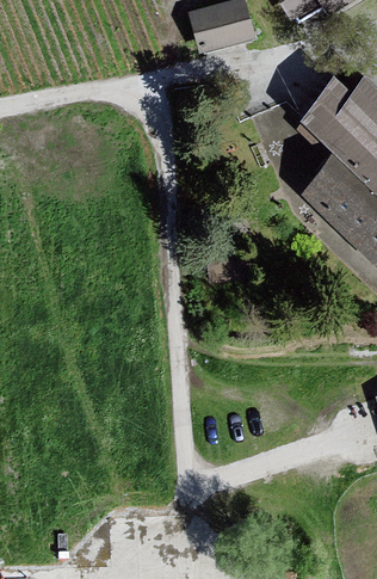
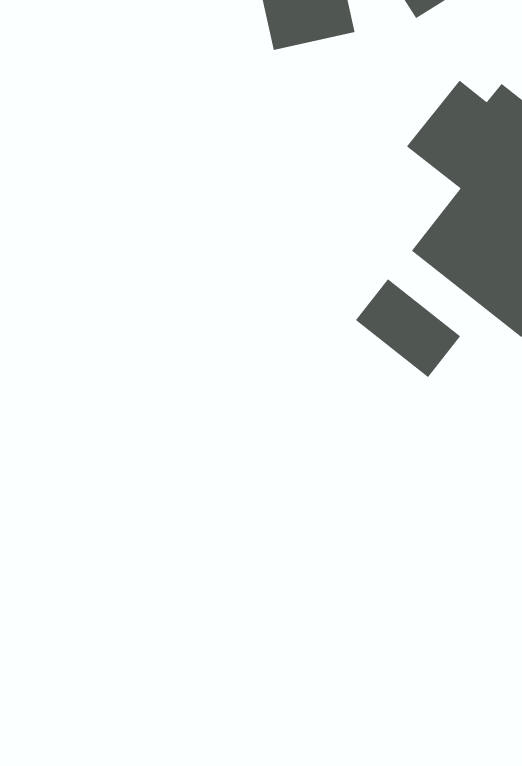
building: none -> [355,278,461,378]

